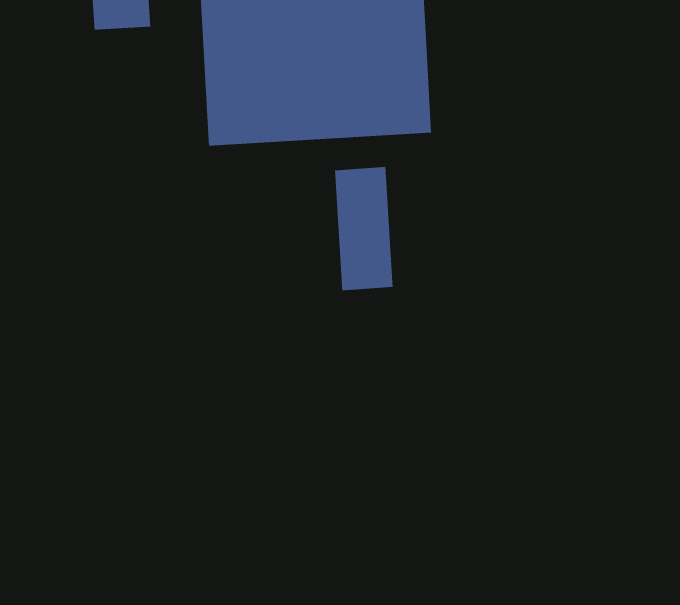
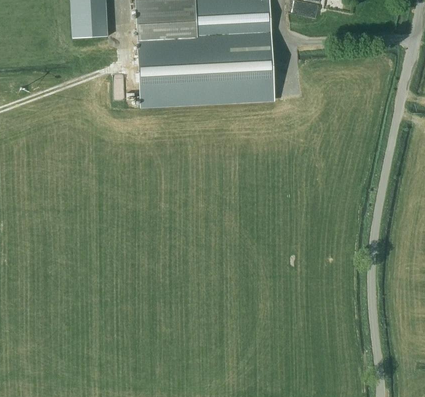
building: [334,166,393,291] -> none

